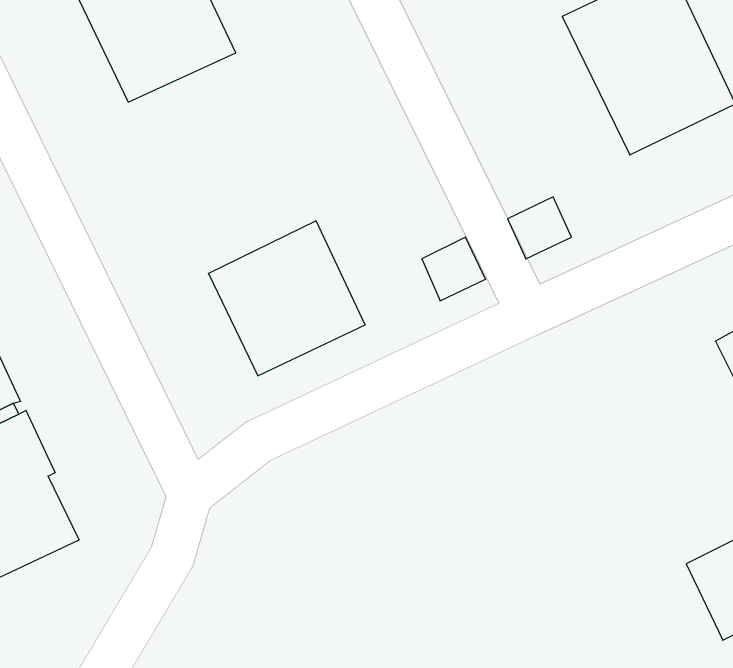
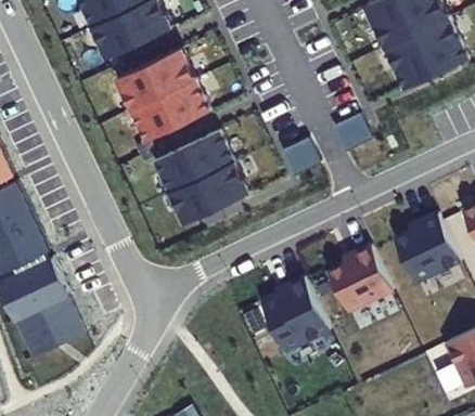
building: none -> [117,55,210,146]
building: none -> [390,209,455,277]
building: none -> [323,242,388,310]
building: none -> [257,273,325,349]

